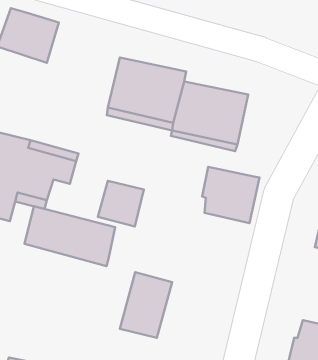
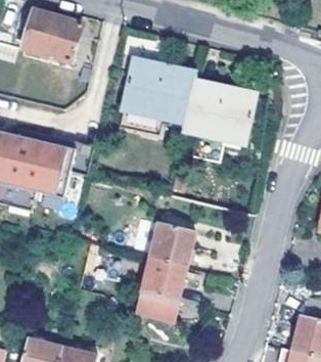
building: [202,167,259,223] -> none
building: [98,181,144,227] -> [148,224,191,267]
building: [25,206,115,266] -> none

